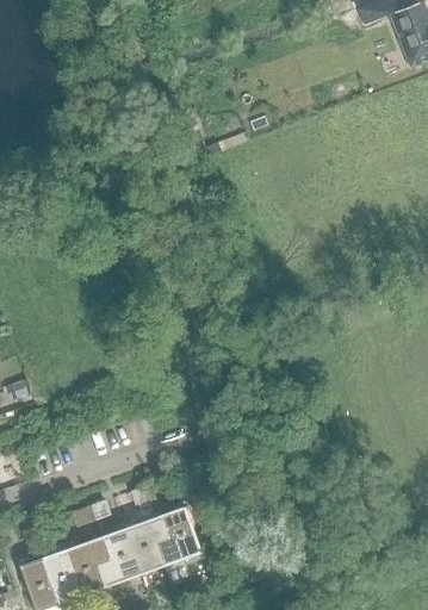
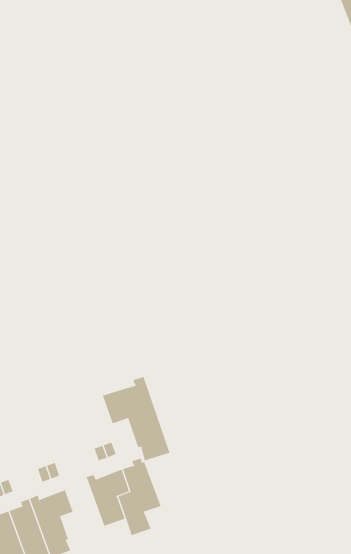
building: none -> [102,376,170,461]
building: [95,521,141,586] -> none

